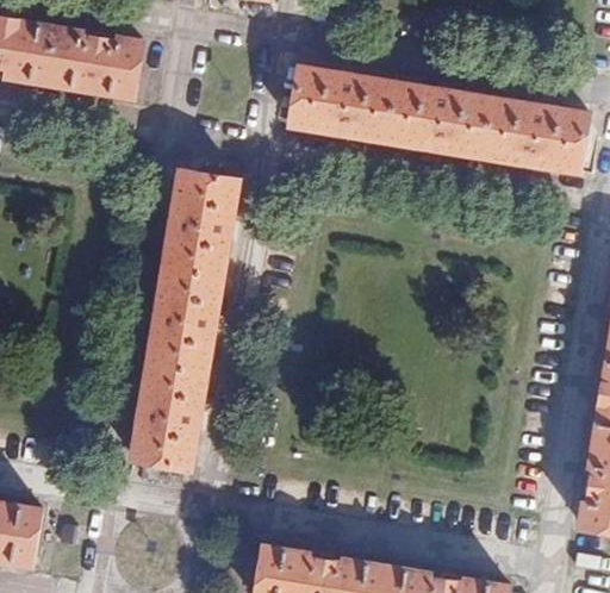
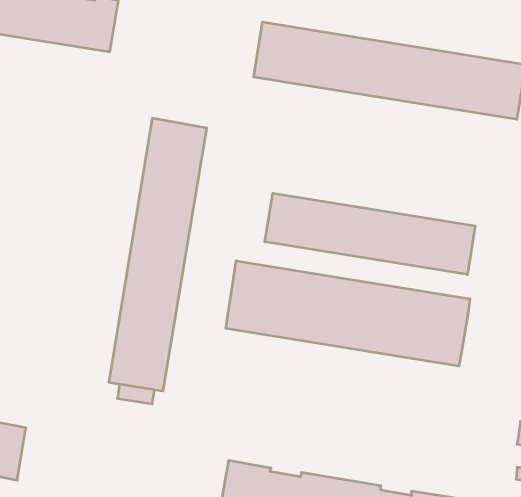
building: none -> [265,193,475,275]
building: none -> [226,261,470,366]

